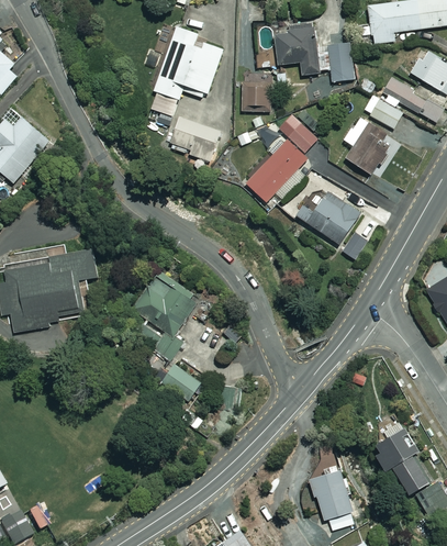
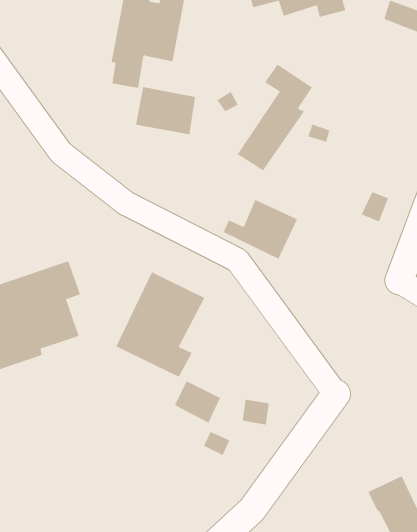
building: [241,81,271,111] -> none
building: [362,93,402,129] -> none
building: [344,115,389,174] -> none
building: [297,191,360,244] -> [223,199,298,259]

